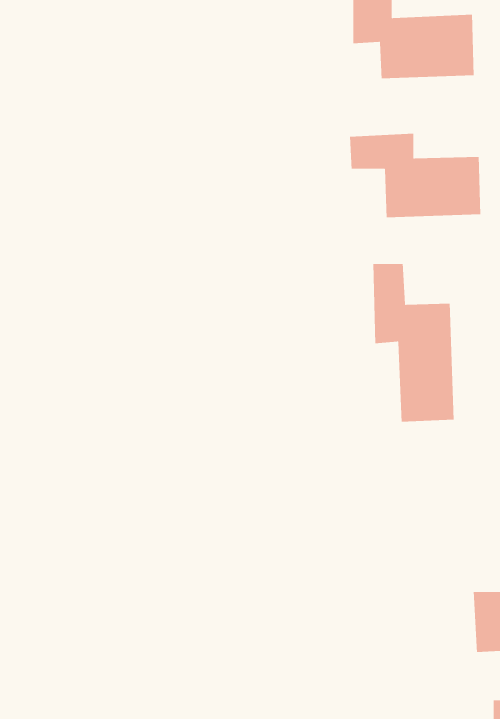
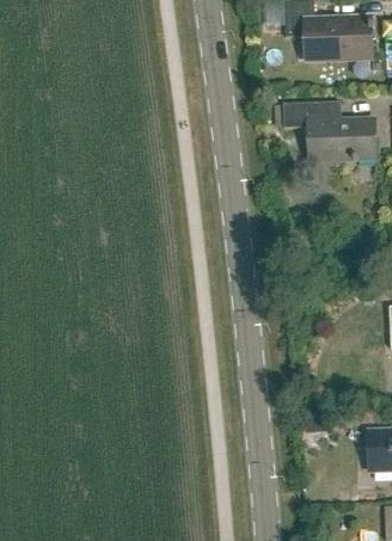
building: [373,263,455,422] -> none

